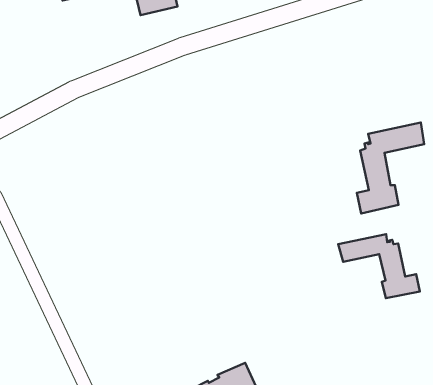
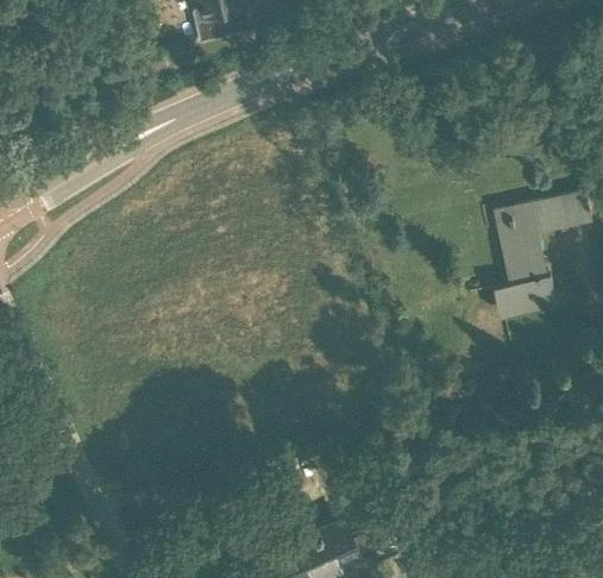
building: [338,234,420,298] -> none

